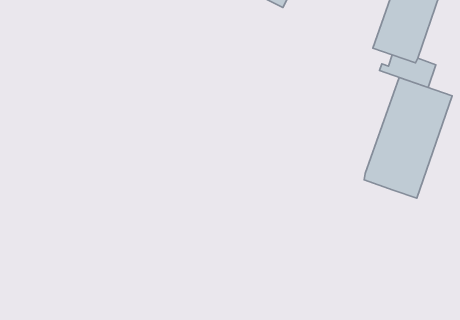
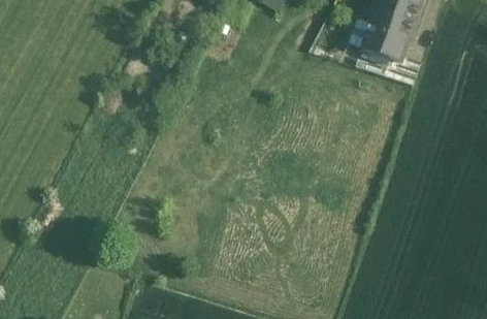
building: [364,77,452,198] -> none

